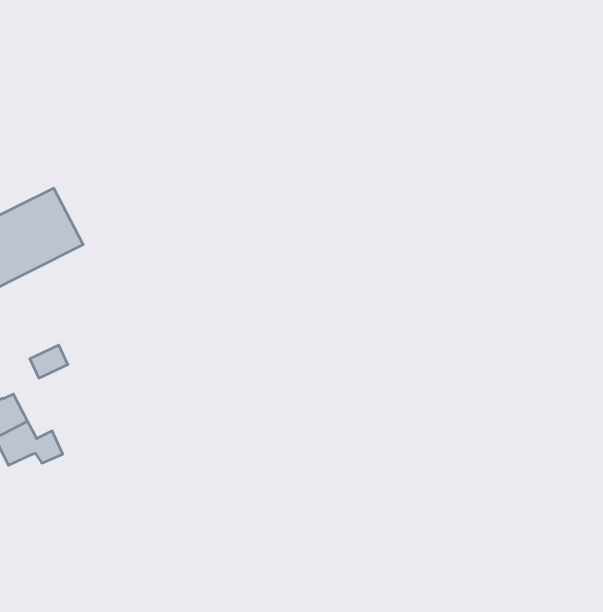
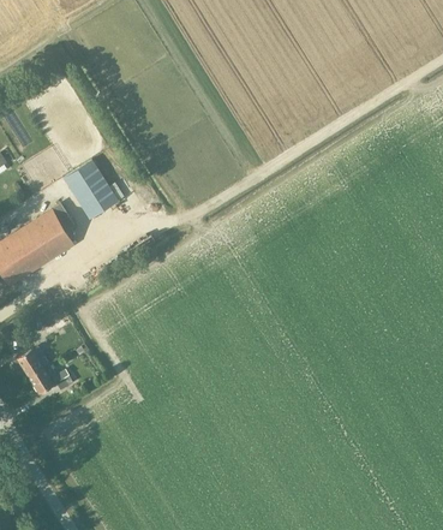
building: none -> [62,160,118,219]

